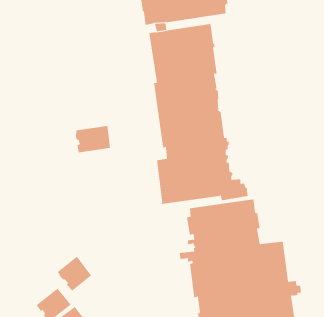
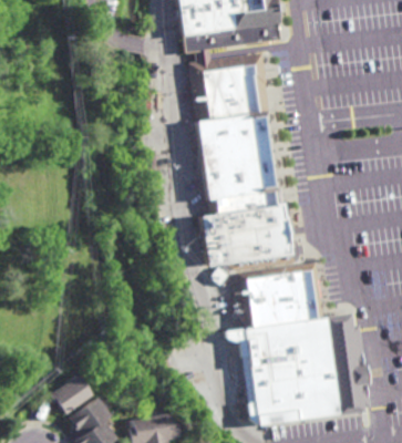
building: [75,125,111,153] -> none
building: [57,256,92,291] -> none

